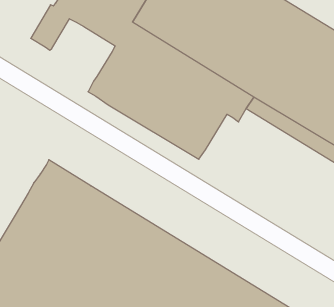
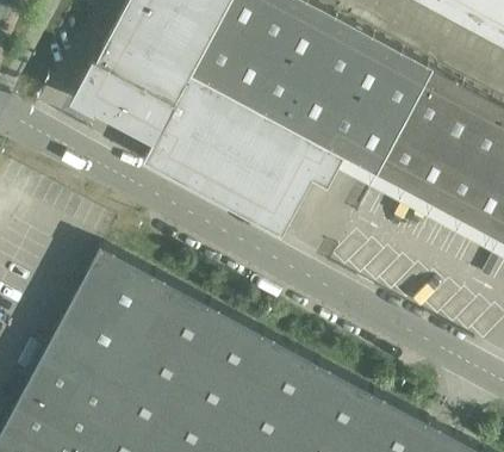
building: none -> [98,75,174,143]

